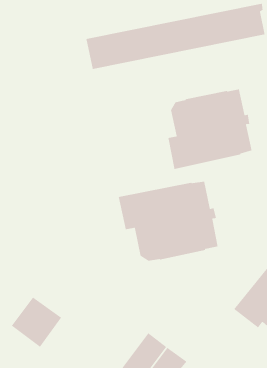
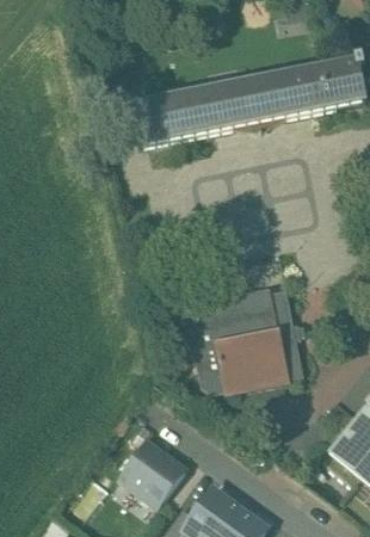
building: [167,88,252,170] -> none
building: [11,296,62,348] -> [121,439,187,506]

